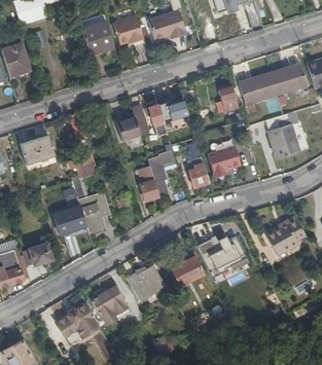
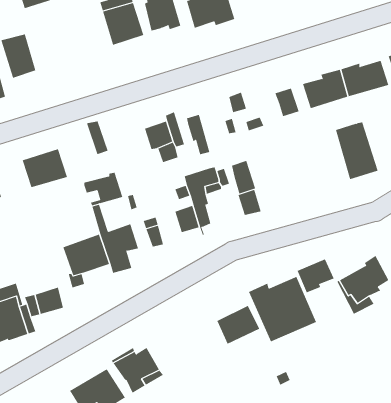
building: [206,146,238,177] -> none
building: none -> [297,258,334,293]
building: [127,266,171,309] -> none

